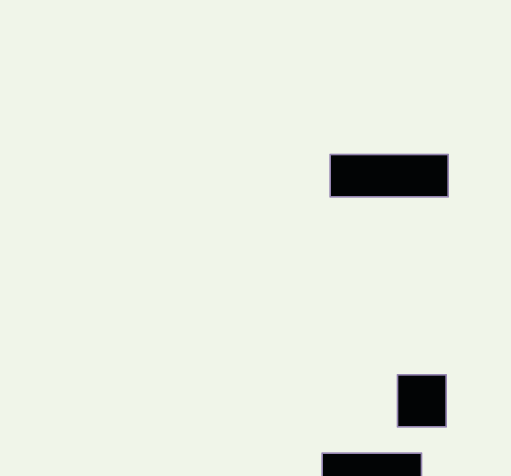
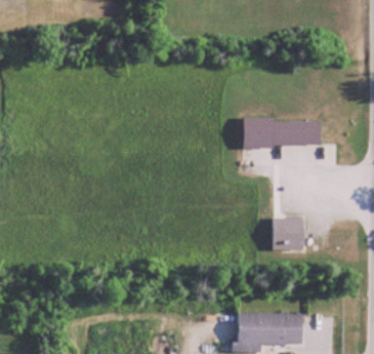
building: [397,375,446,427] -> [272,217,303,250]

